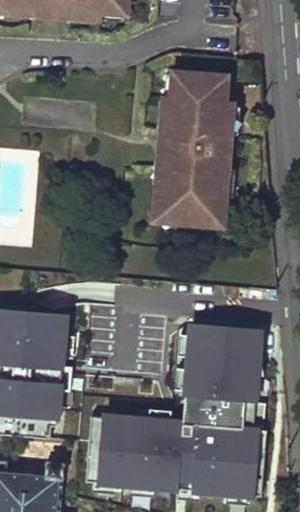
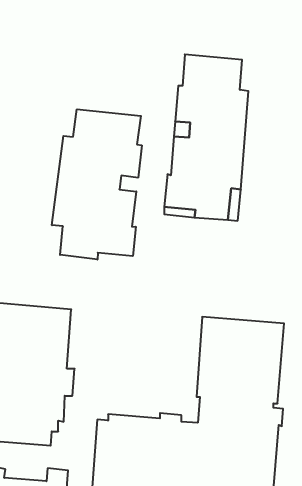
building: none -> [52,109,142,260]

